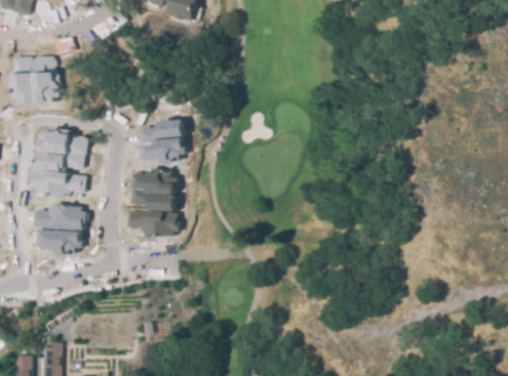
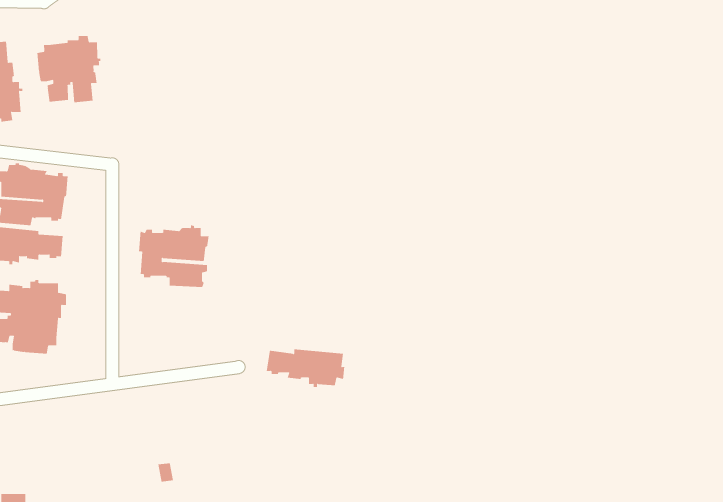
building: none -> [37,35,101,103]
building: [140,122,184,161] -> none
building: [127,210,178,235] -> [266,349,345,388]

